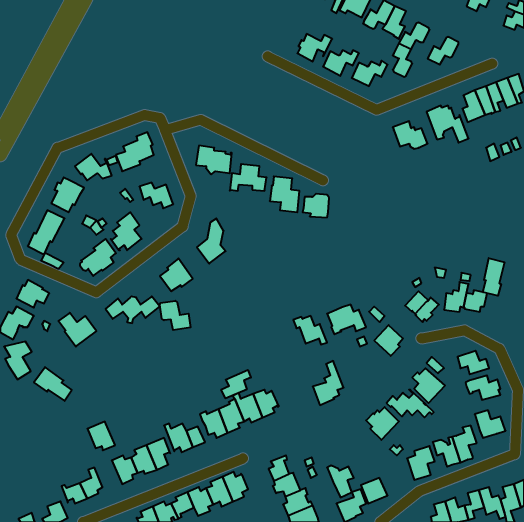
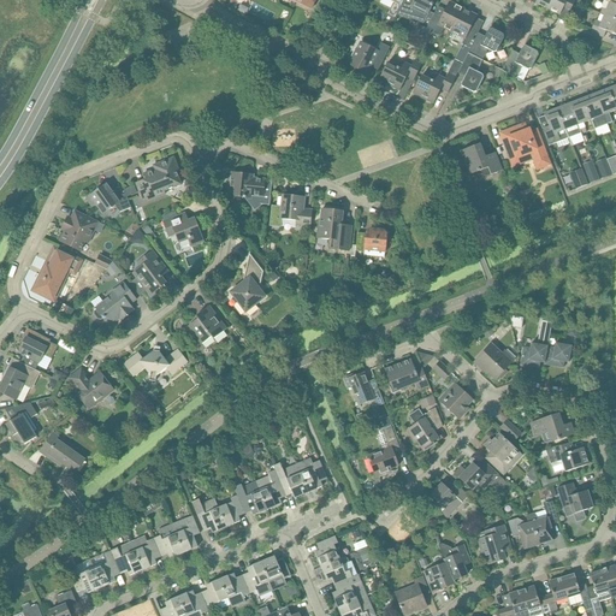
building: [483,258,505,296] -> none
building: [160,301,191,330] -> none
building: none -> [409,405,443,448]
building: [221,370,251,398] -> none
building: [87,422,115,450] -> [111,540,143,574]
building: [327,466,354,497] -> [438,541,469,579]

